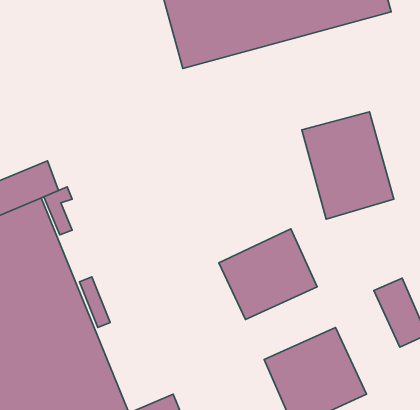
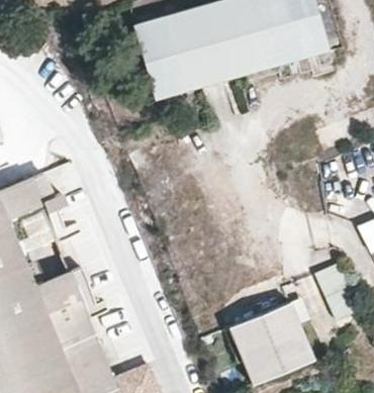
building: [302,112,394,219] -> none
building: [219,229,317,320] -> none

